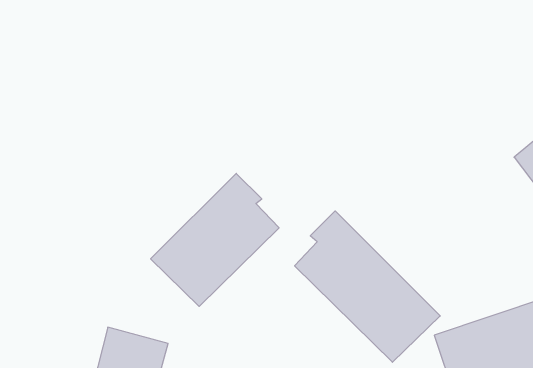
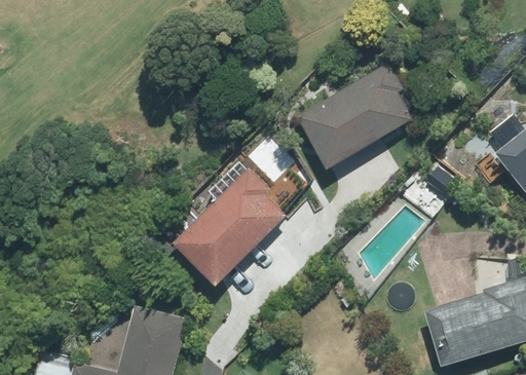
building: none -> [298,63,413,170]
building: [295,211,440,362] -> none

